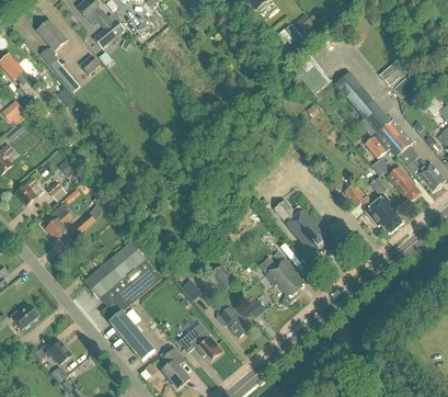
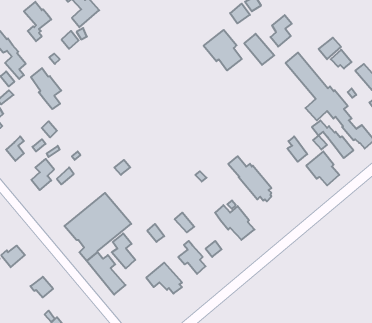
building: none -> [270,15,292,47]
building: none -> [204,30,242,70]
building: none -> [31,68,61,109]
building: [161,348,188,388] -> [112,233,135,268]

